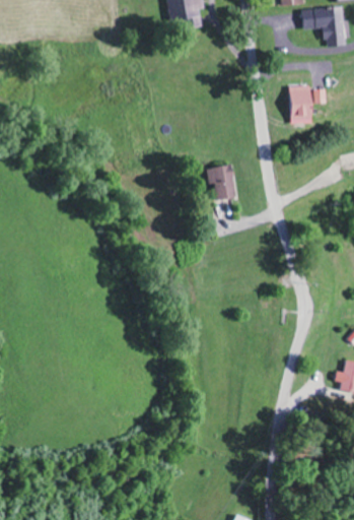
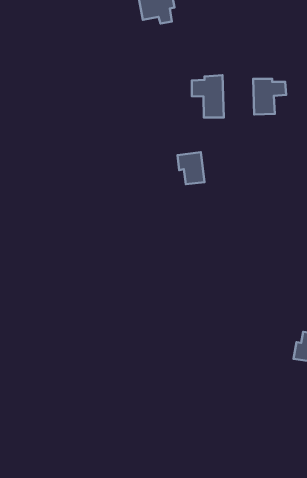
building: [302,7,344,46] -> none
building: none -> [192,75,224,118]

